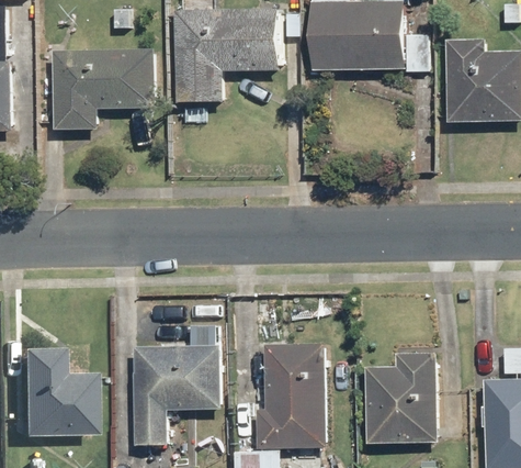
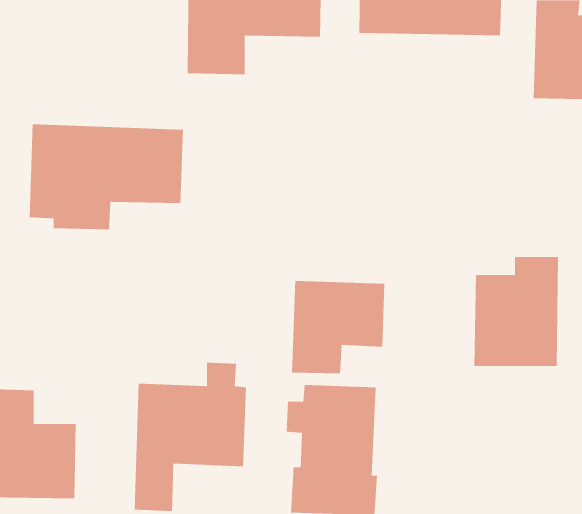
building: [35,47,157,131] -> [29,124,184,230]
building: none -> [291,280,385,374]
building: [369,355,435,442] -> [474,256,559,367]

